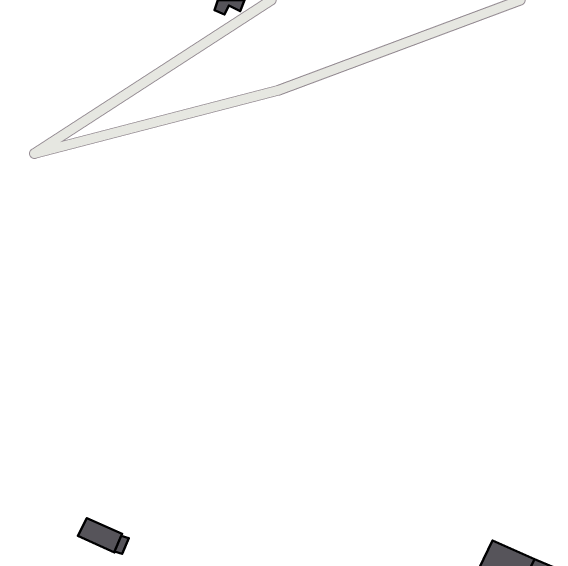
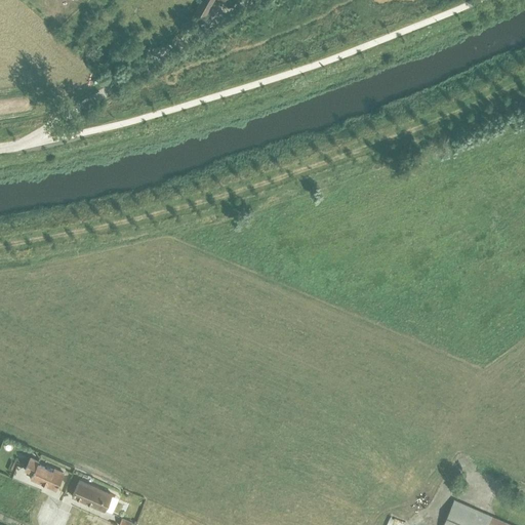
building: none -> [26,458,65,491]

